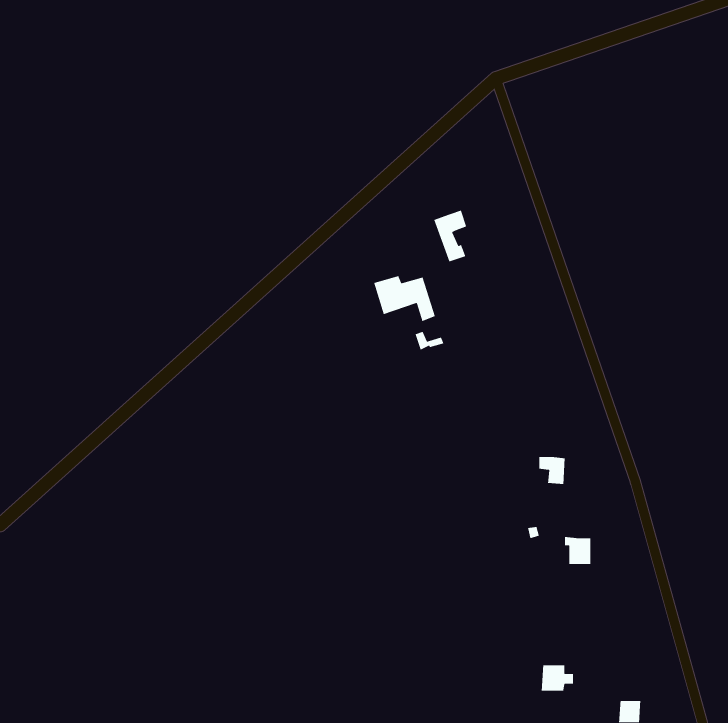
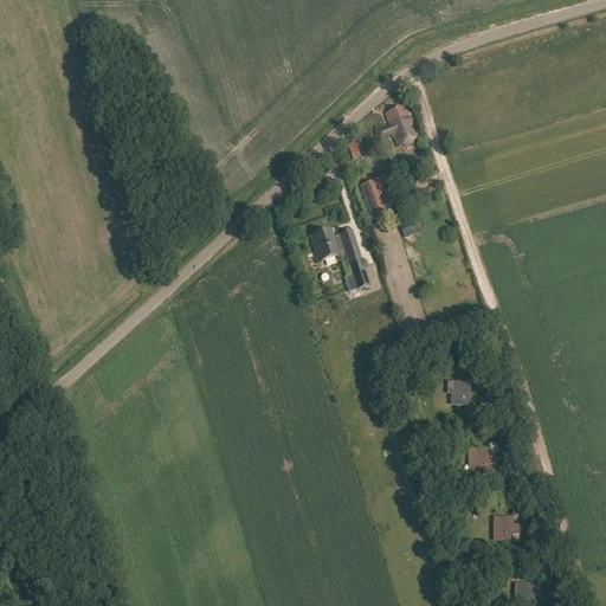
building: none -> [373,105,418,143]
building: [541,664,574,692] -> [492,515,520,537]

